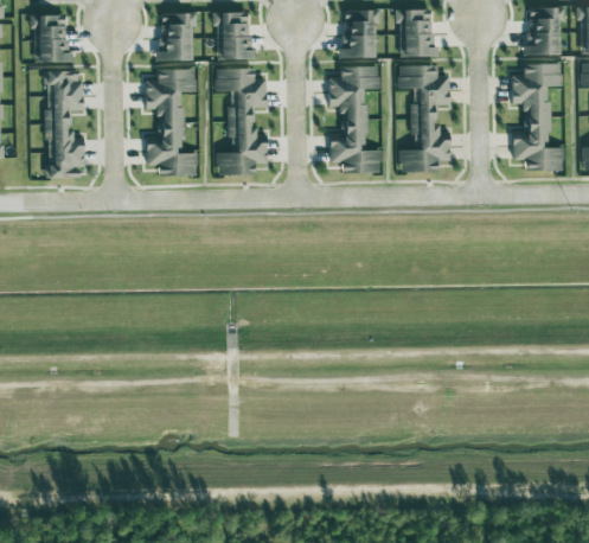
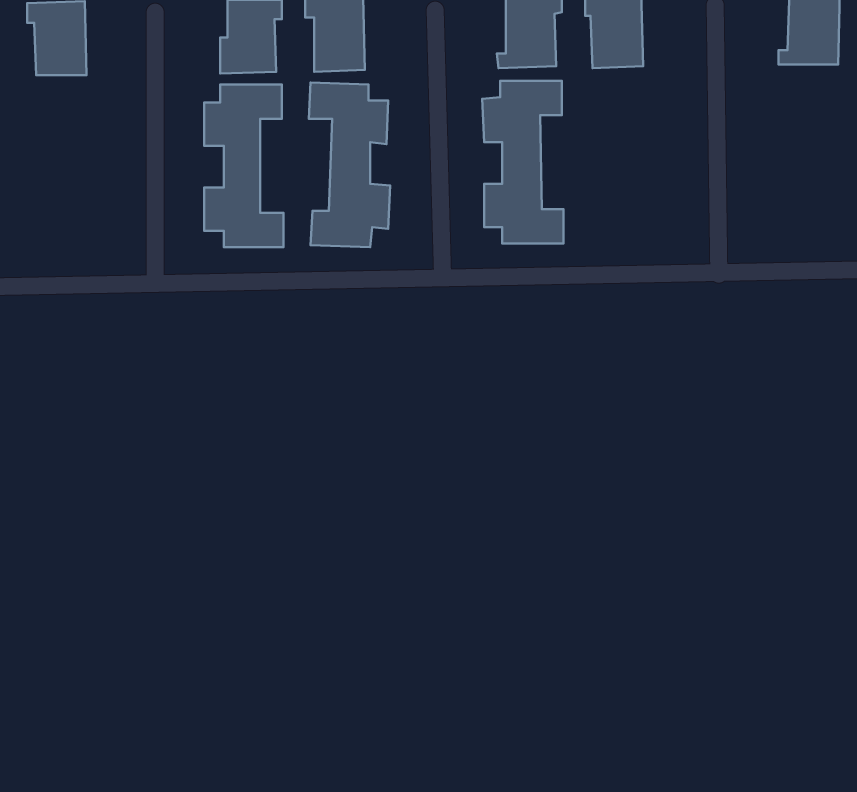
building: [512,64,564,172] -> none
building: [398,65,450,173] -> none
building: [45,71,83,178] -> none

